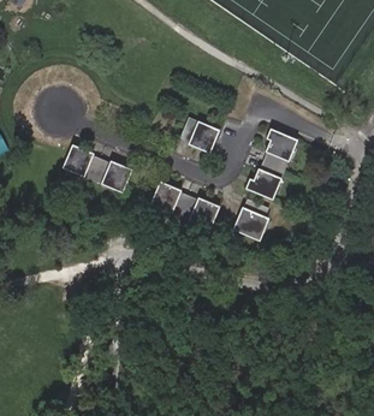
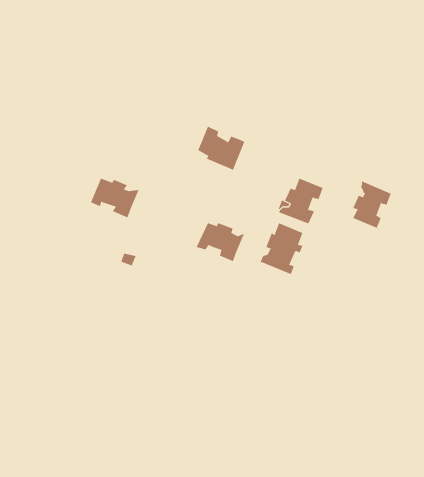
building: [266,127,298,167] -> [352,181,392,228]
building: [63,143,101,179] -> none
building: [150,180,190,216] -> none

